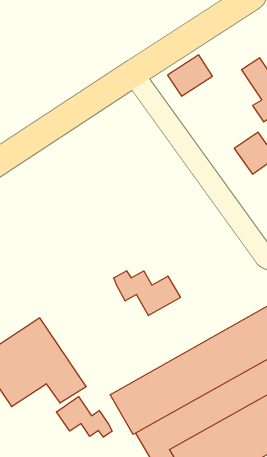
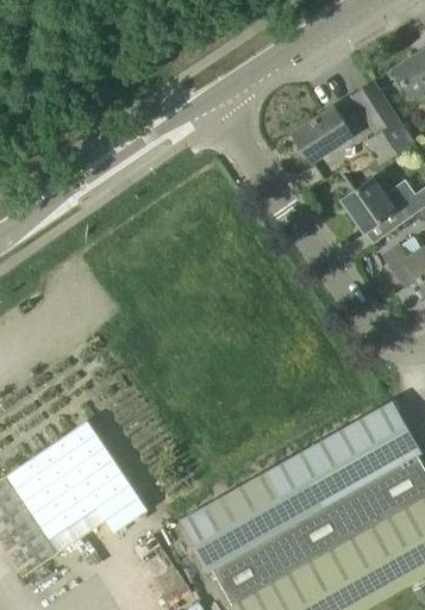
building: [168,55,212,96] -> [293,108,351,162]
building: [114,271,180,316] -> none
building: [56,397,112,437] -> none

